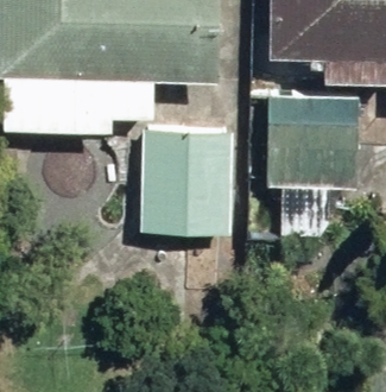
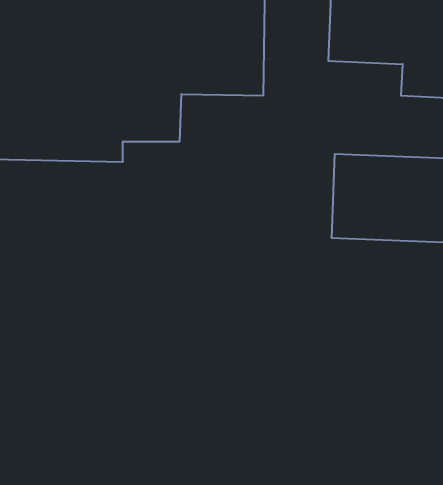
building: [144,124,235,228] -> none

